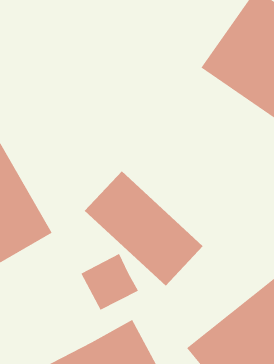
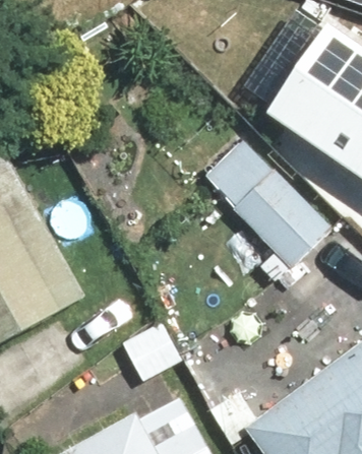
building: [84,171,204,287] -> [197,139,336,273]

